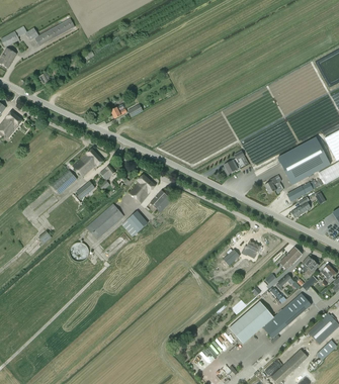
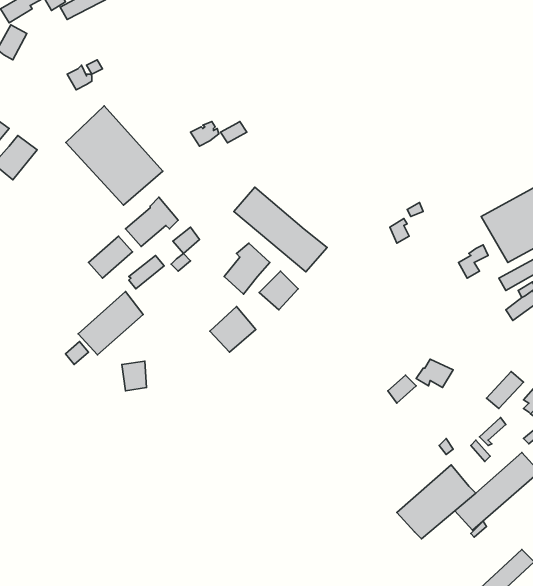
building: none -> [66,106,163,205]
building: none -> [234,187,327,272]
building: [86,202,123,238] -> [78,292,143,355]

